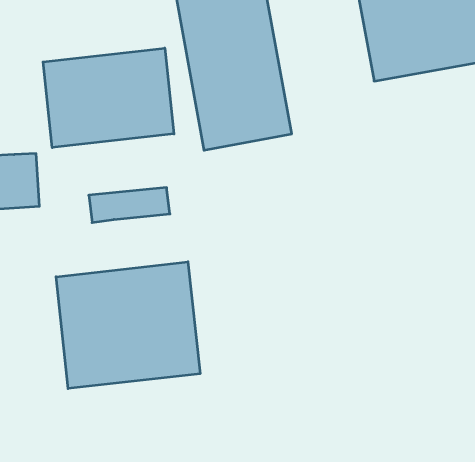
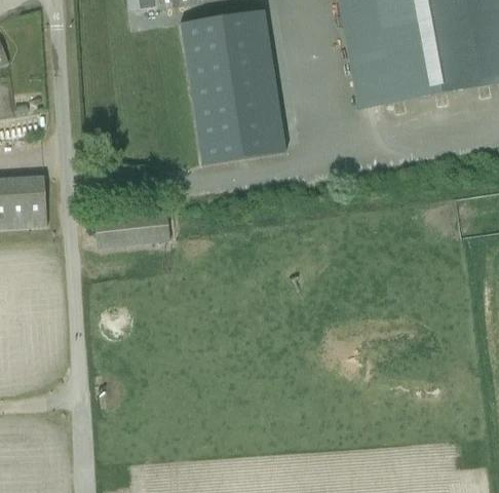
building: [43,48,174,148] -> none
building: [56,262,200,389] -> none

